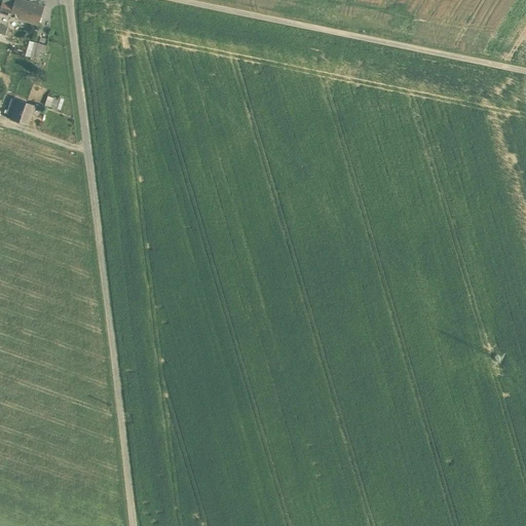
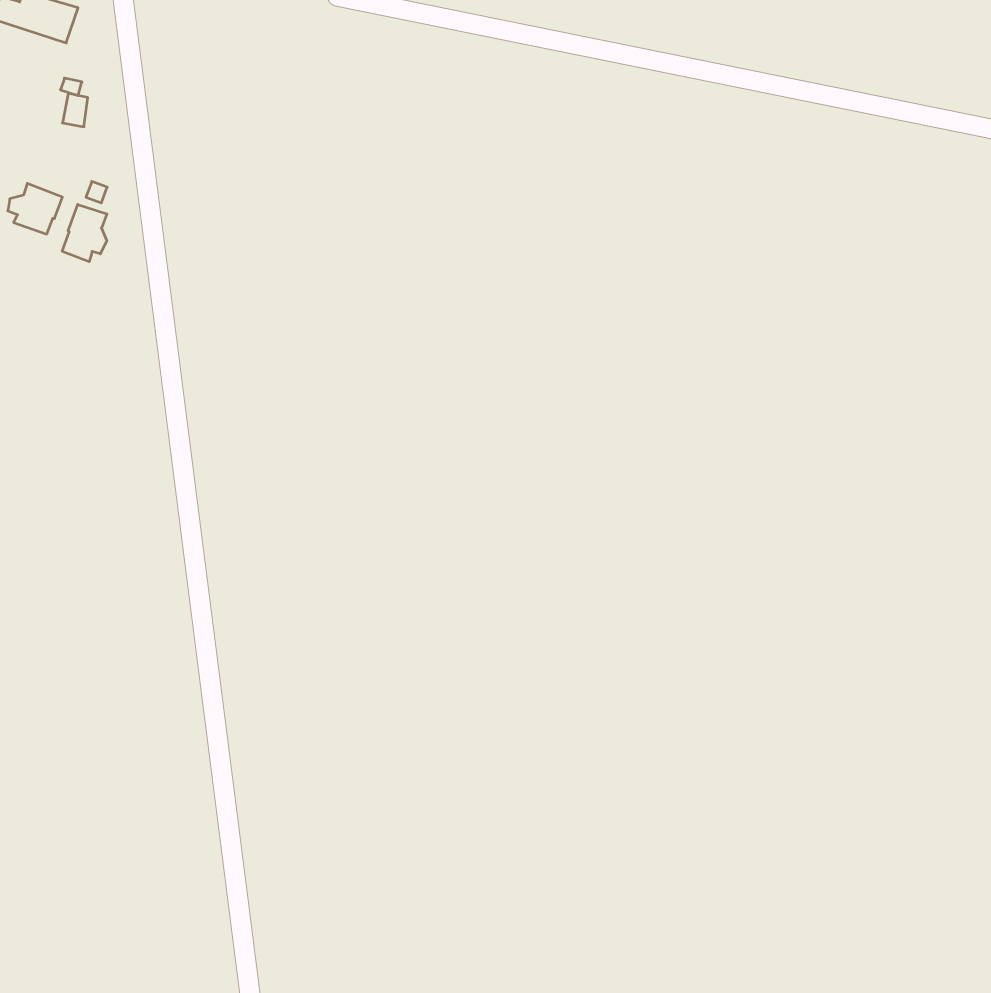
building: none -> [62,204,107,262]

